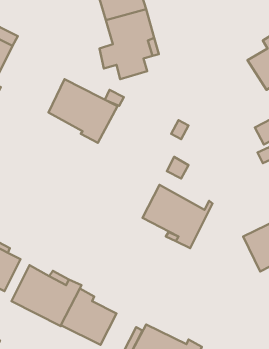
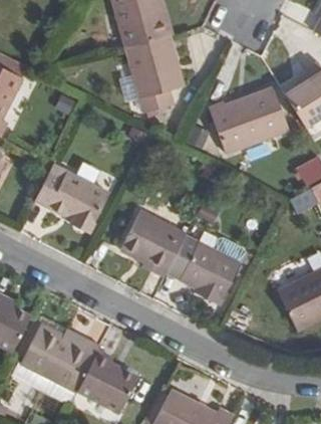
building: none -> [210,87,289,153]
building: [48,79,118,143] -> [34,163,111,234]
building: none -> [120,210,187,277]

